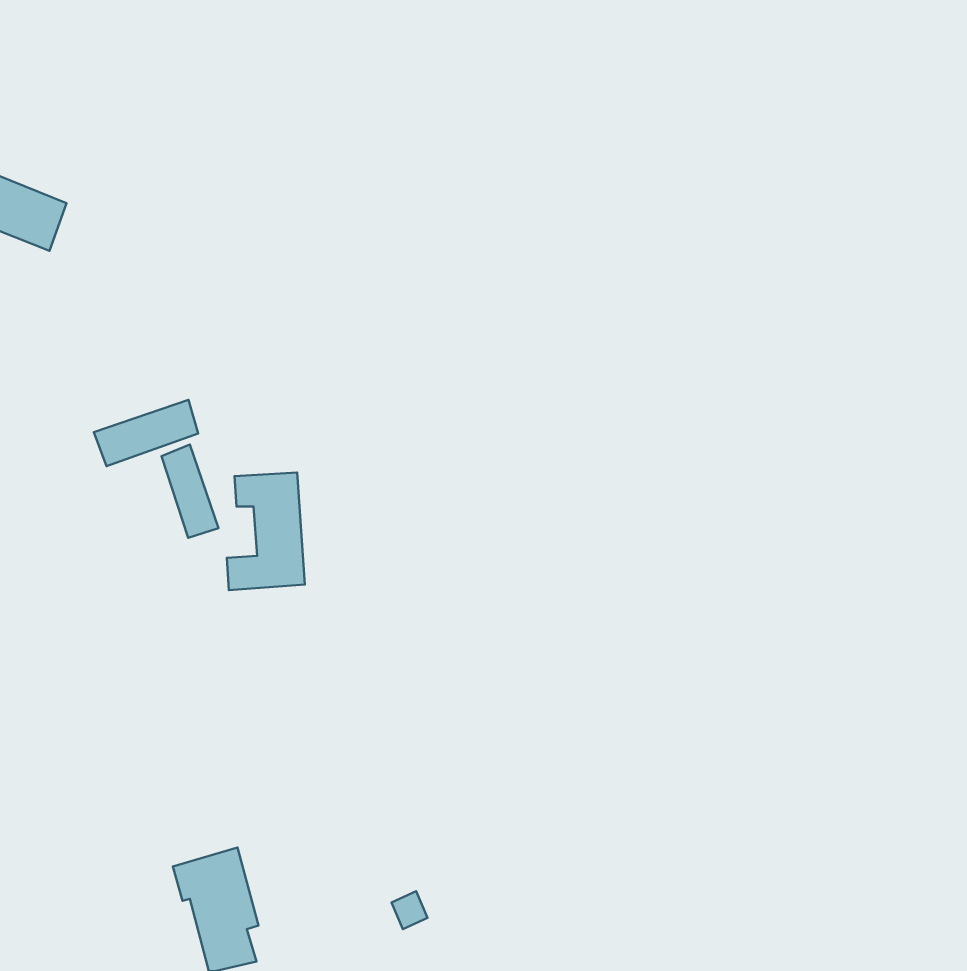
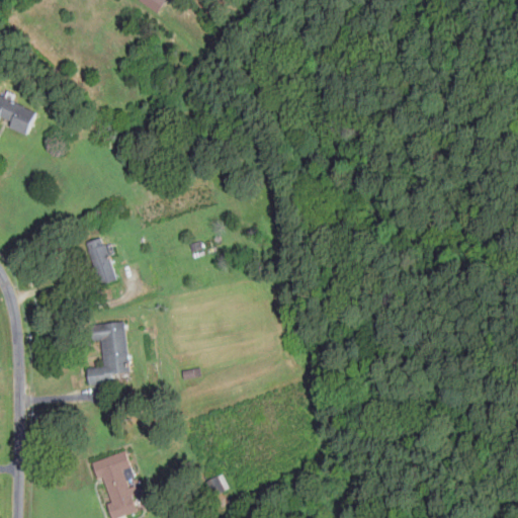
building: [94,400,198,466] -> none
building: [227,472,305,590] -> [87,322,128,384]

